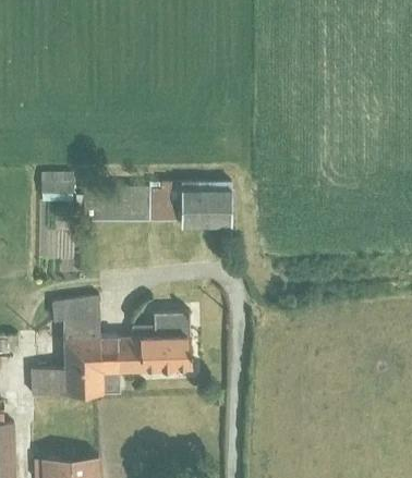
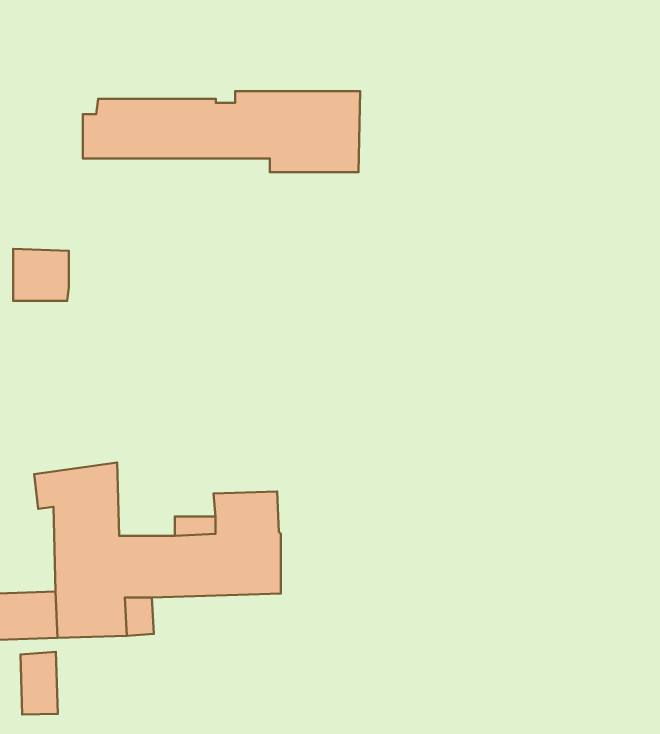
building: [74,184,231,230] -> [83,91,360,172]
building: none -> [20,652,58,714]

